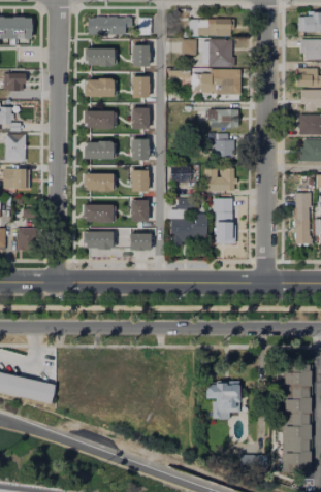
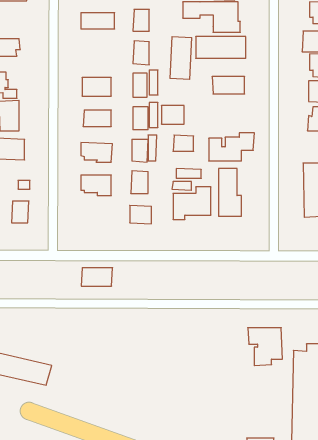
building: none -> [170,37,192,79]
building: [83,77,113,96] -> none
building: [213,139,234,157] -> [161,106,184,124]
building: [82,231,111,249] -> [81,268,113,286]
building: [206,383,239,419] -> [248,328,282,366]

